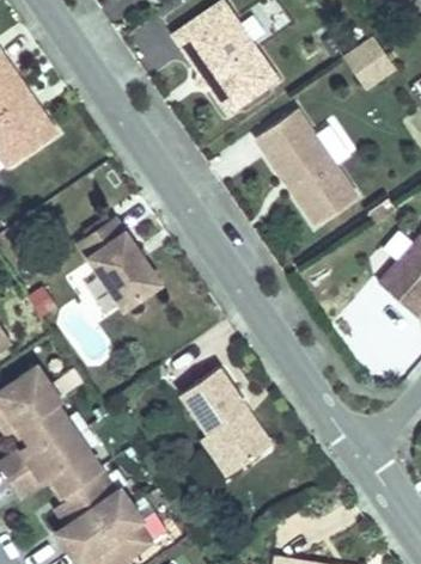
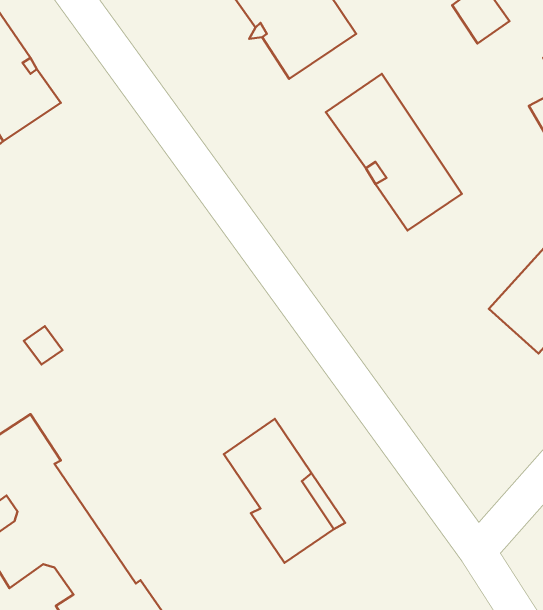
building: [77,213,159,305] -> none

